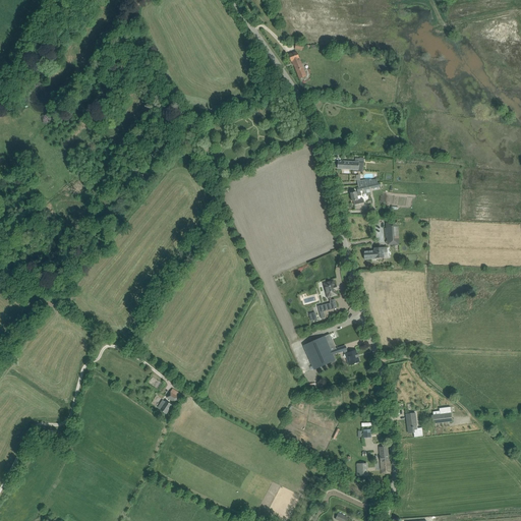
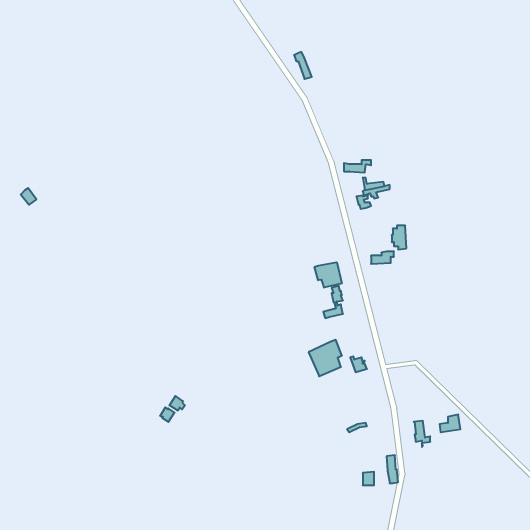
building: none -> [315,262,342,288]

